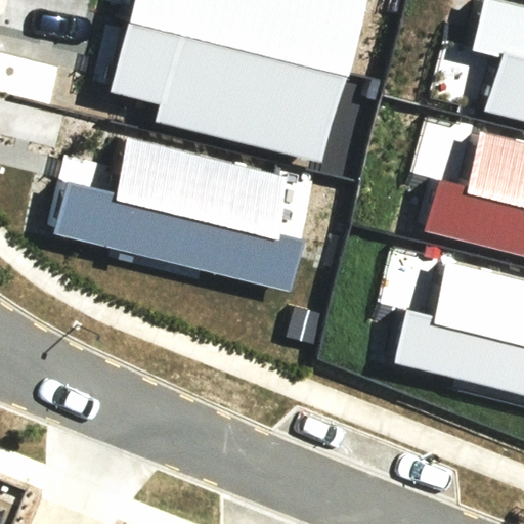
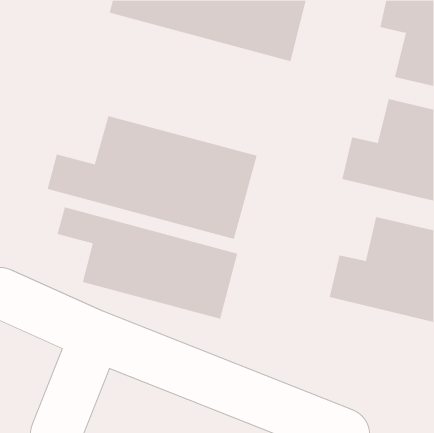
building: [112,16,351,166] -> none
building: none -> [57,206,238,320]

